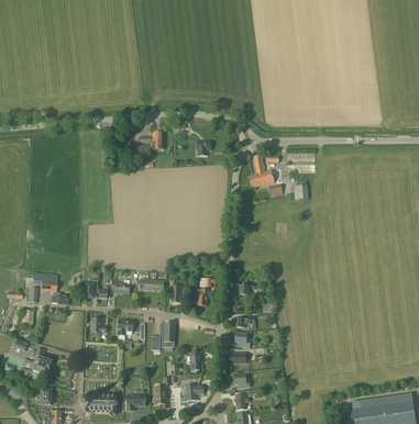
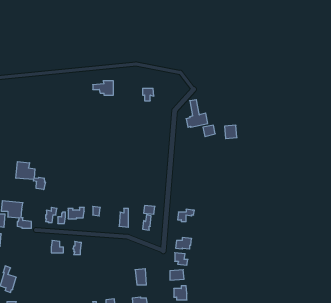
building: none -> [16,162,45,190]
building: [152,322,175,349] -> none

